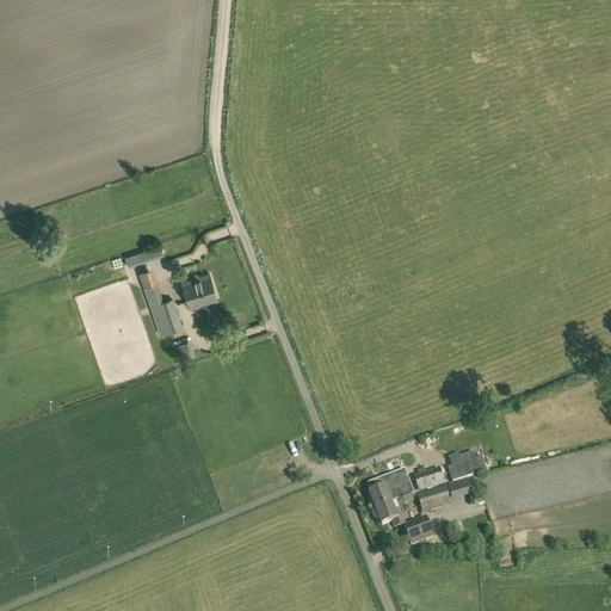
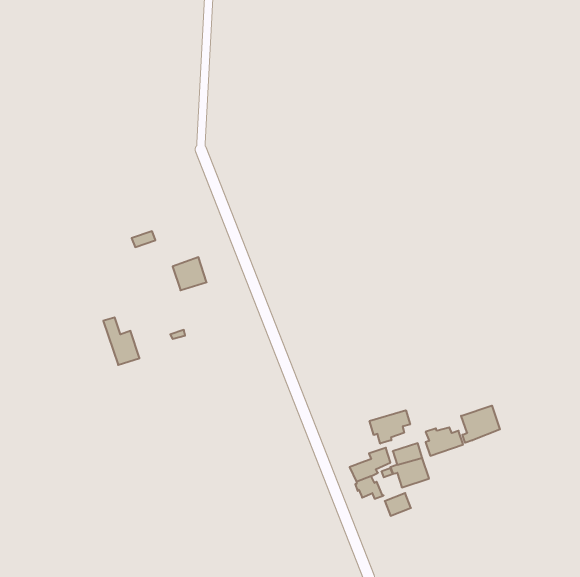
building: [144,282,183,332] -> [103,317,140,365]
building: none -> [461,406,500,443]
building: none -> [370,410,410,444]

